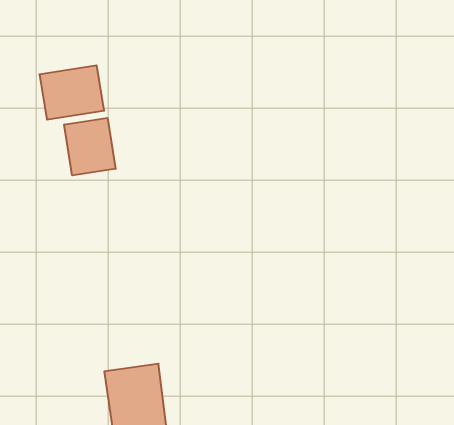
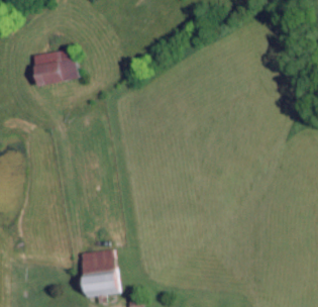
building: [64,118,116,175] -> none

